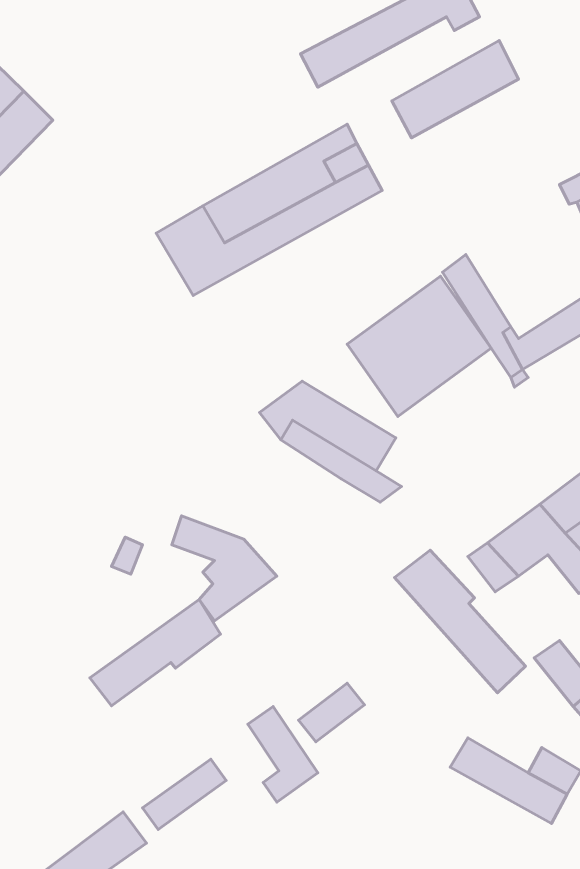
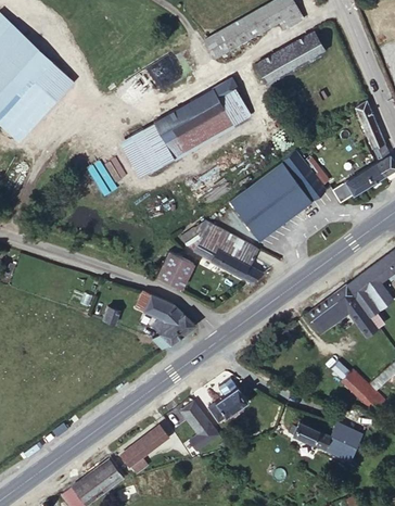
building: none -> [155,253,192,290]
building: [395,550,526,693] -> none
building: [90,599,220,706] -> none

